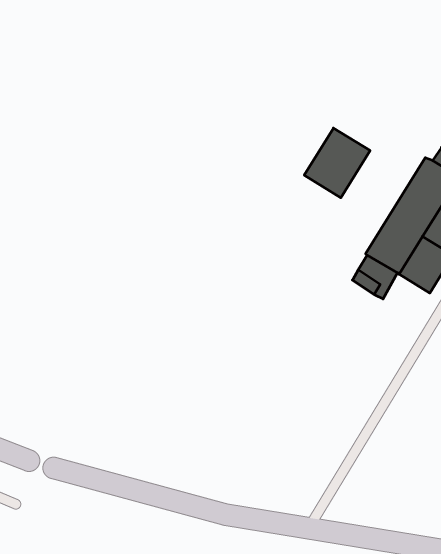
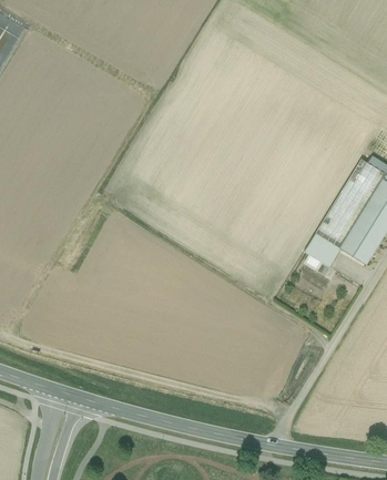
building: [304,128,370,198] -> none

